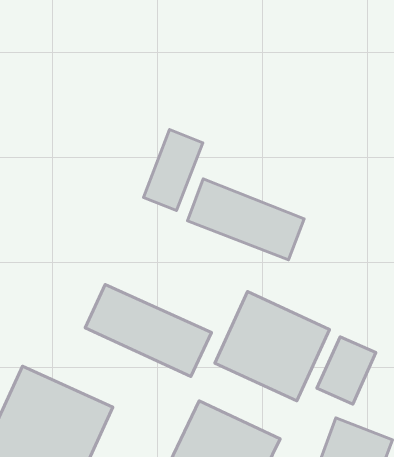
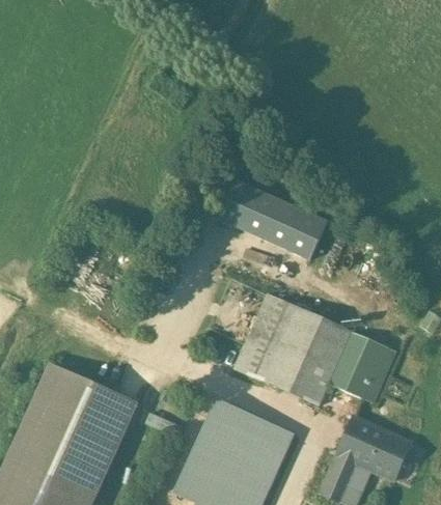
building: [143,130,203,211] -> none
building: [85,285,211,377] -> none

